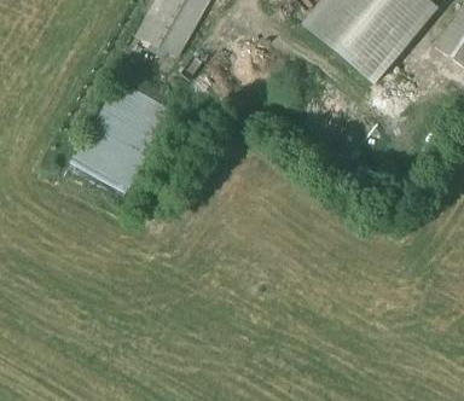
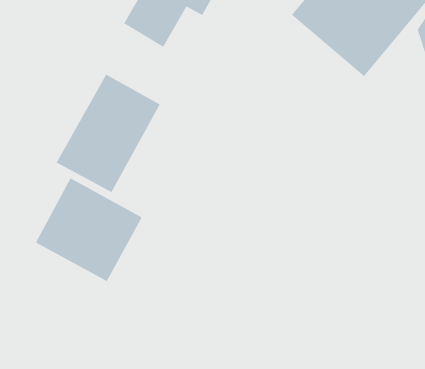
building: none -> [35,177,143,282]

